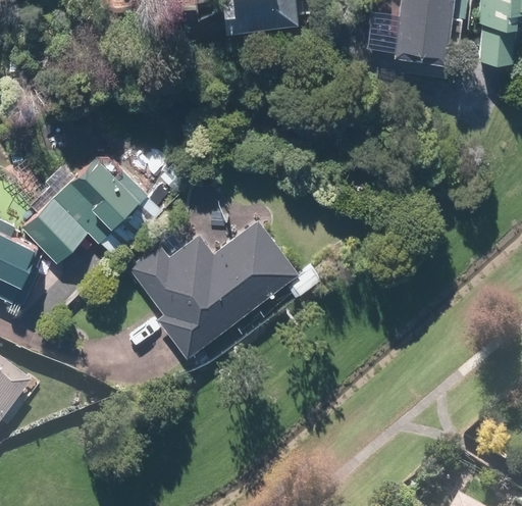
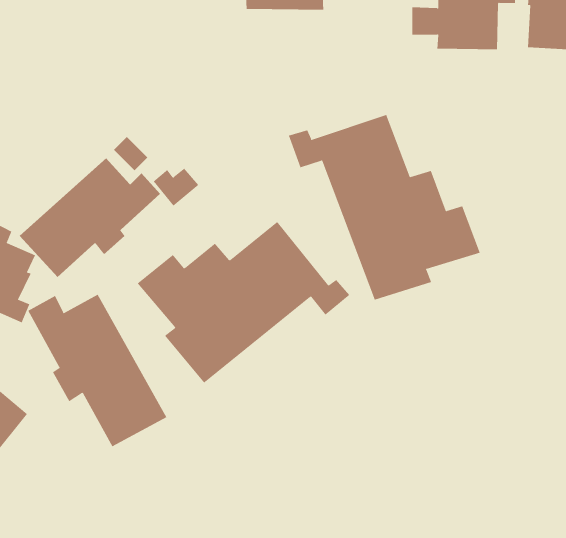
building: none -> [288,114,481,300]
building: none -> [28,294,167,447]

